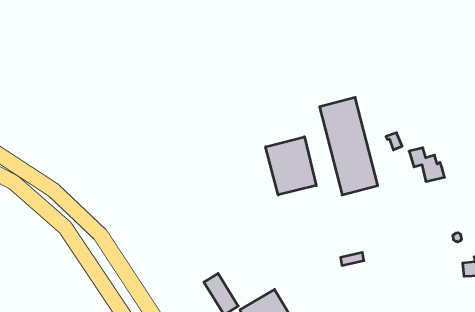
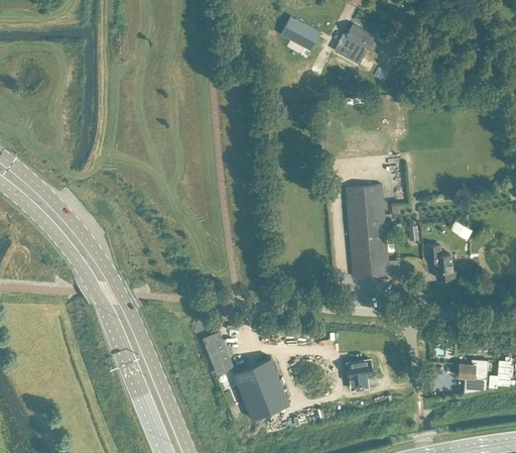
building: [266,137,316,195] -> none
building: none -> [350,360,373,390]

